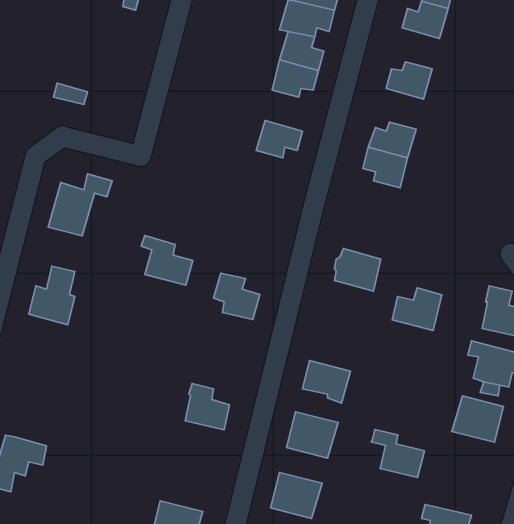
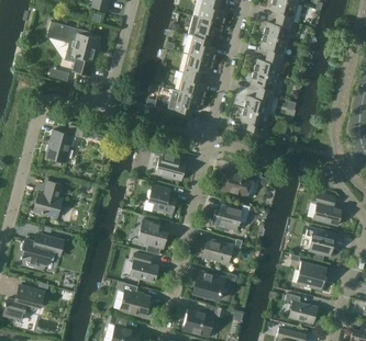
building: none -> [47,22,99,76]
building: none -> [259,34,287,59]
building: none -> [249,71,277,96]
building: none -> [179,72,206,98]
building: [141,235,193,285] -> [153,149,185,180]
building: [392,288,442,330] -> [211,204,242,230]
building: none -> [136,220,166,255]
building: none -> [20,234,63,266]
building: [371,429,424,477] -> [284,294,317,323]
building: none -> [115,282,149,318]

